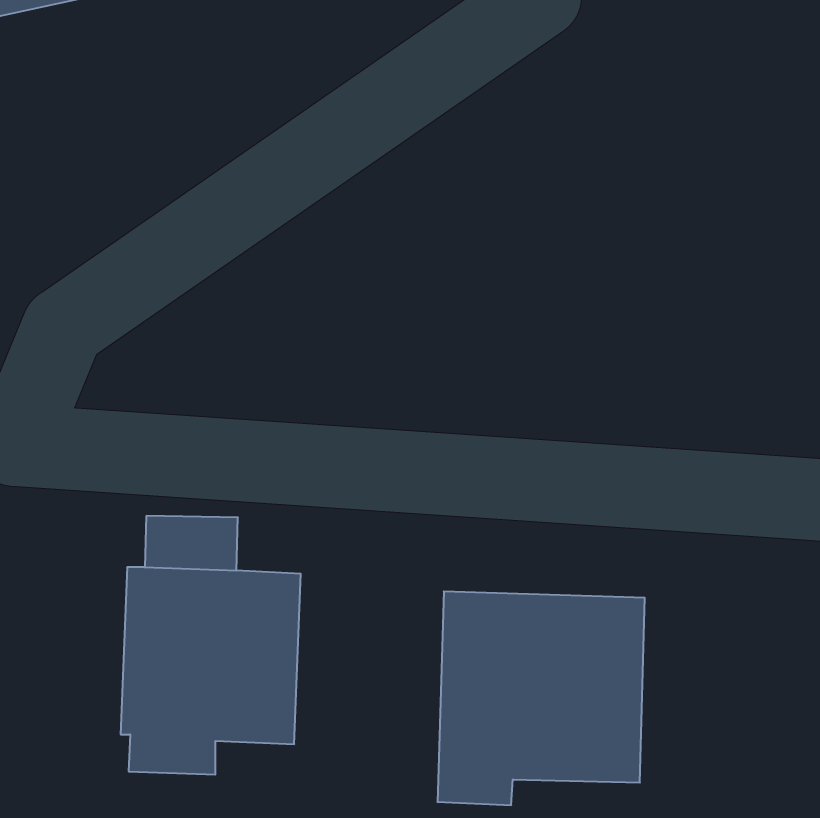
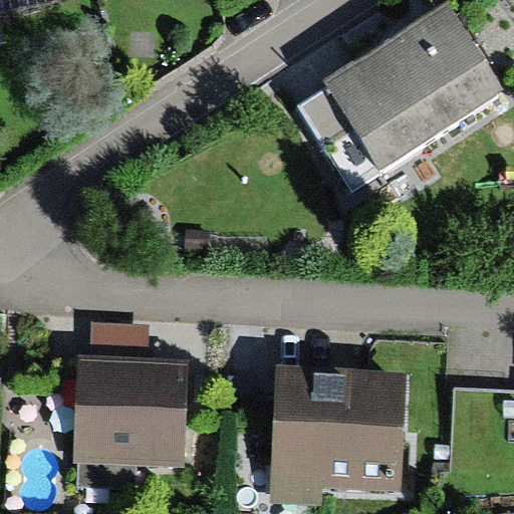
building: none -> [296,21,485,189]

